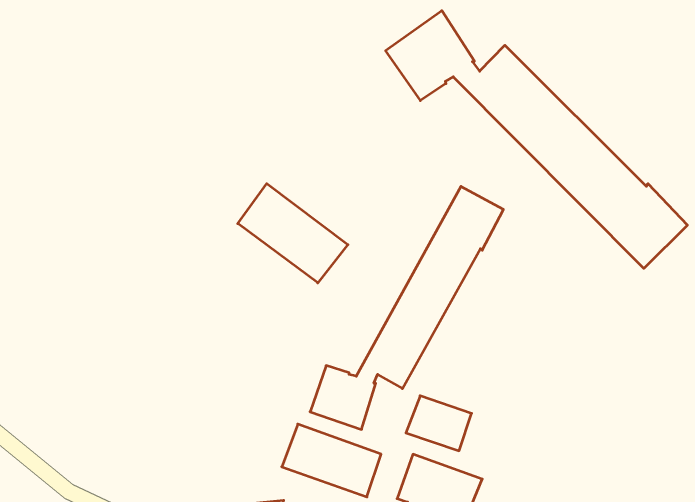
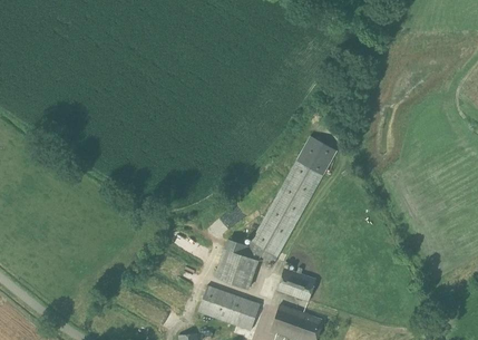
building: [386,11,687,268] -> none
building: [238,184,348,283] -> none

